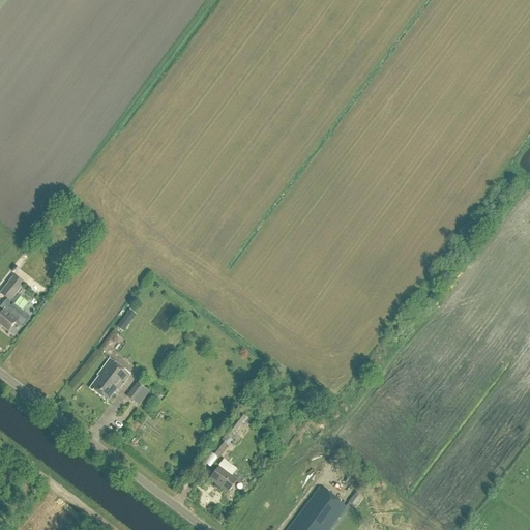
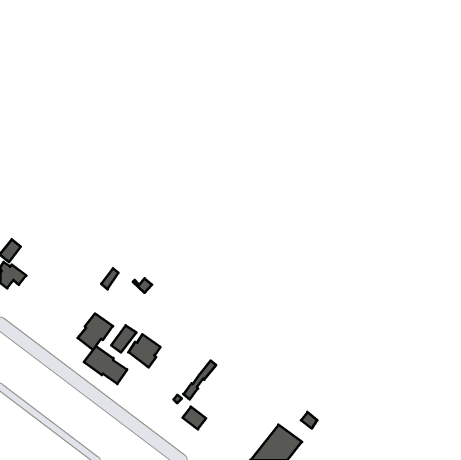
building: none -> [128,334,160,367]
building: none -> [84,346,127,384]

